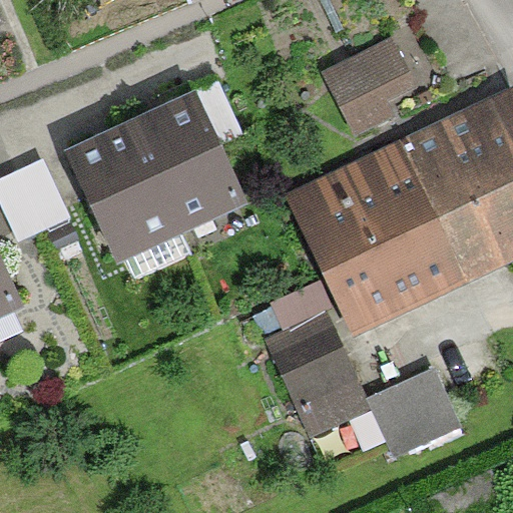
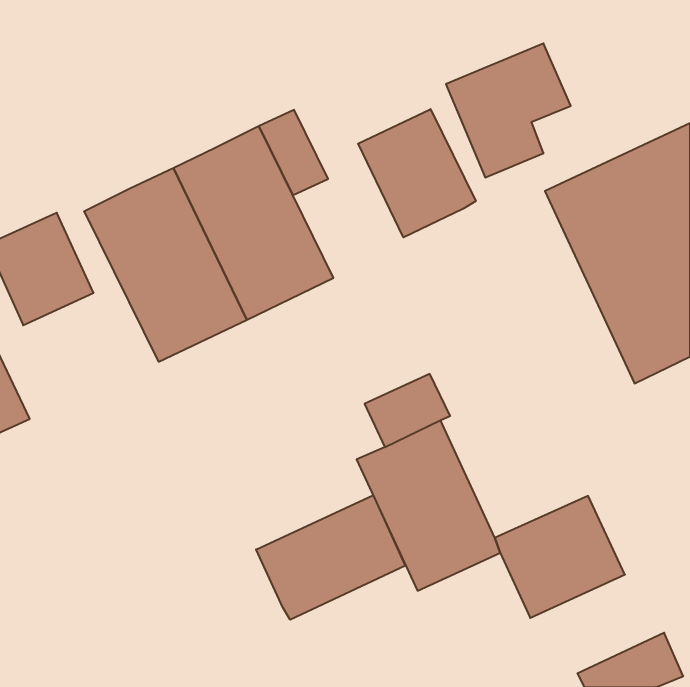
building: none -> [358,109,476,237]
building: [287,141,469,337] -> none
building: none -> [256,495,405,620]

